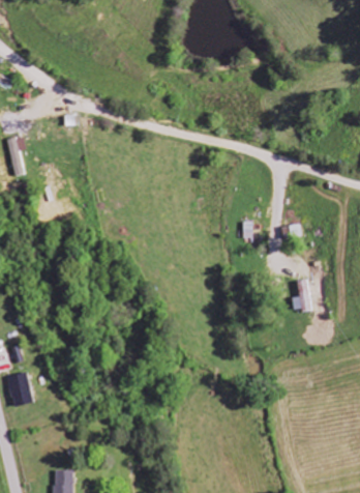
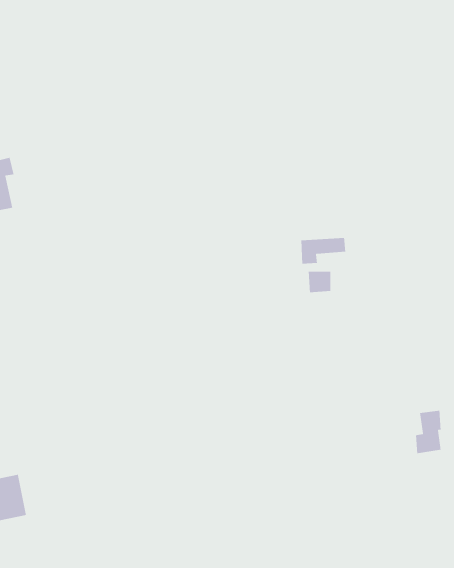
building: none -> [300,237,346,264]
building: [293,280,312,313] -> [415,410,442,454]

